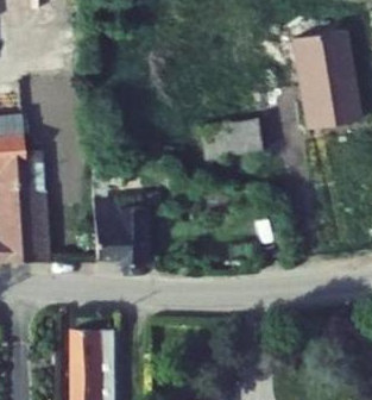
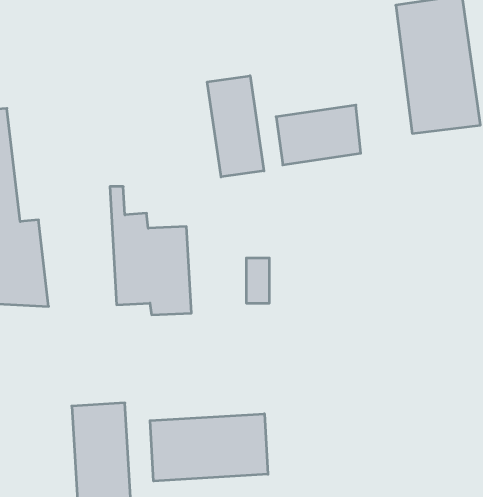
building: none -> [207,76,264,177]
building: none -> [150,414,268,481]

